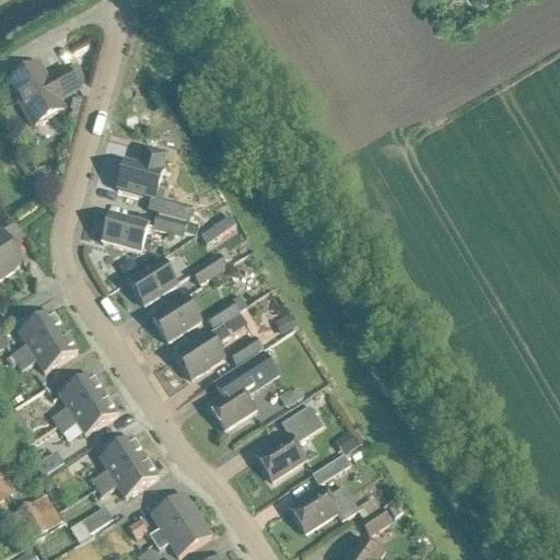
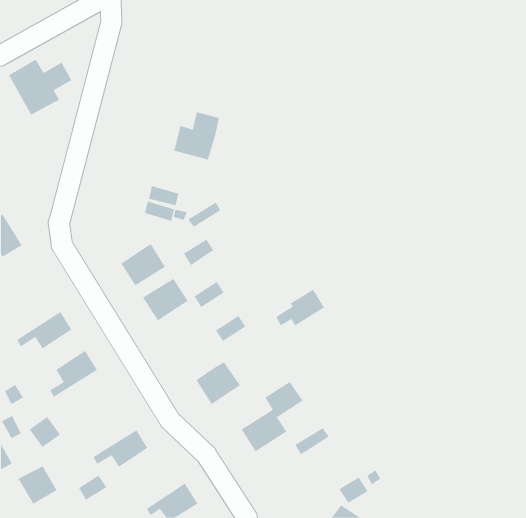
building: [117,144,166,196] -> [174,112,220,160]
building: [102,213,147,250] -> none
building: [12,311,65,361] -> none
building: [175,323,230,377] -> none
building: [222,351,275,390] -> [275,289,325,326]
building: [57,393,117,433] -> none
building: [94,436,145,486] -> none
building: [290,487,357,532] -> none
building: [151,491,197,540] -> none

